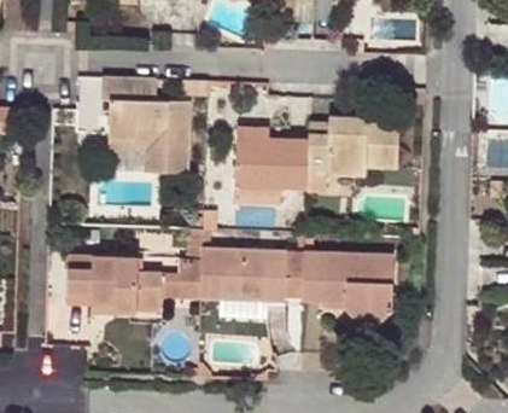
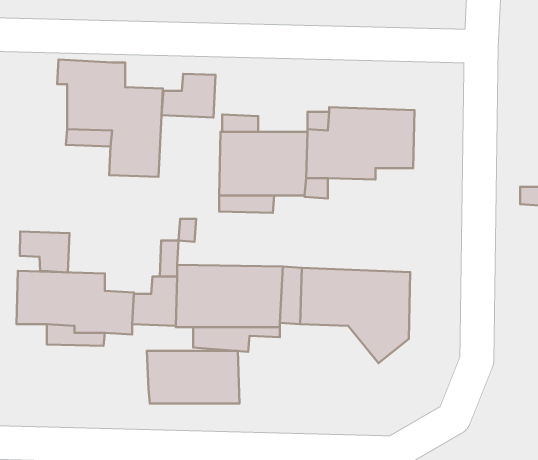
building: none -> [161,74,216,118]
building: none -> [20,232,69,272]
building: none -> [147,351,239,404]

